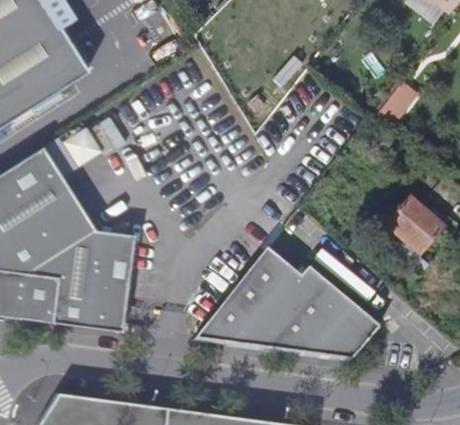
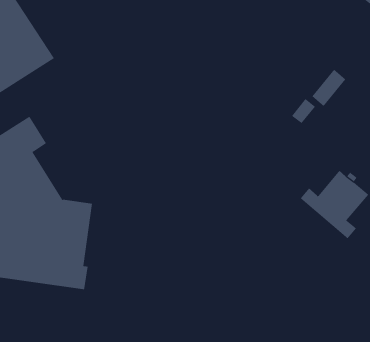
building: [192,245,383,363] -> none

